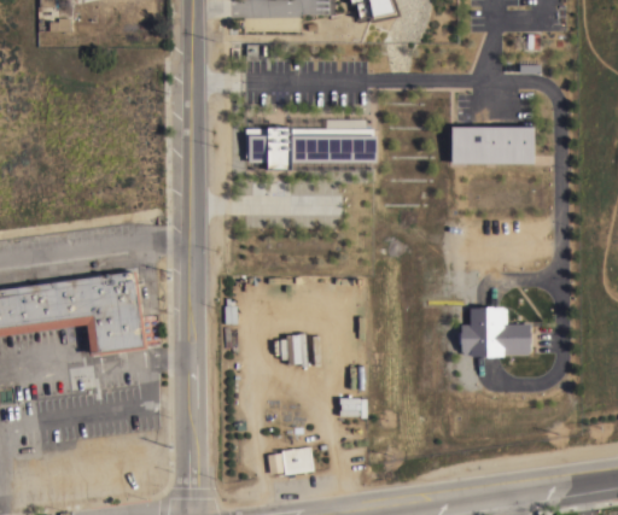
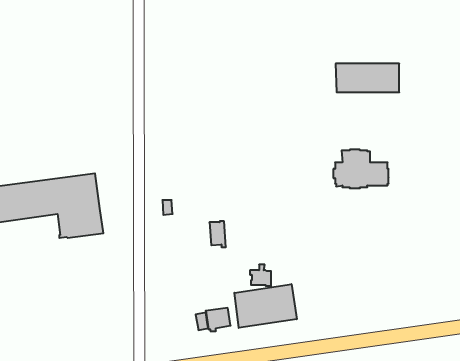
building: [245,117,375,169] -> none
building: [457,306,530,357] -> [333,150,389,188]
building: none -> [234,284,297,328]

